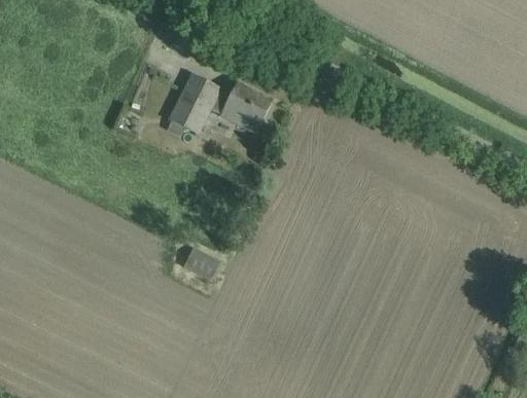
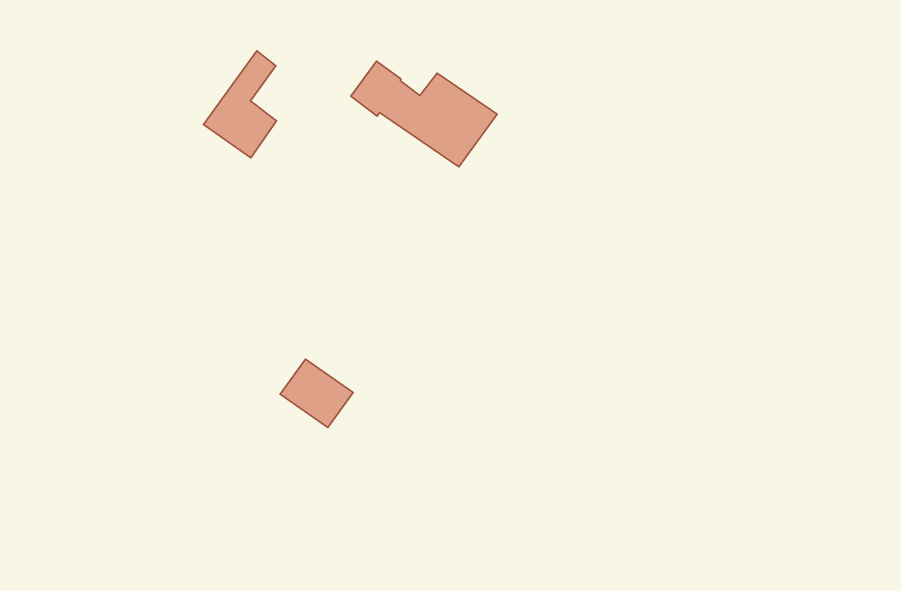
building: [170,76,208,133] -> [203,51,277,158]

